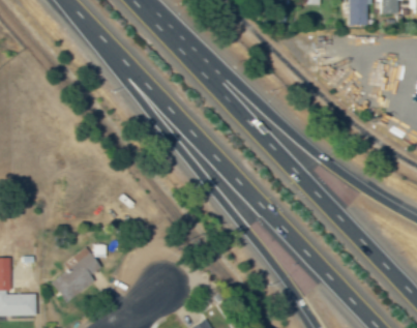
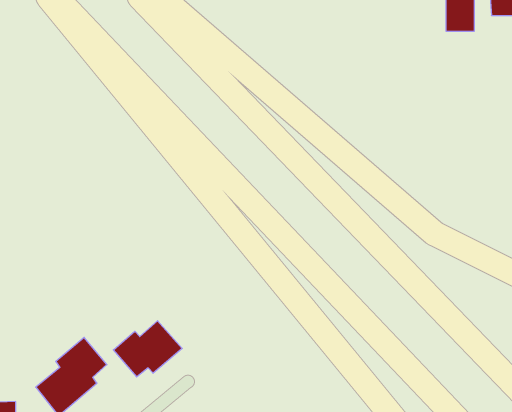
building: none -> [113,321,182,377]

